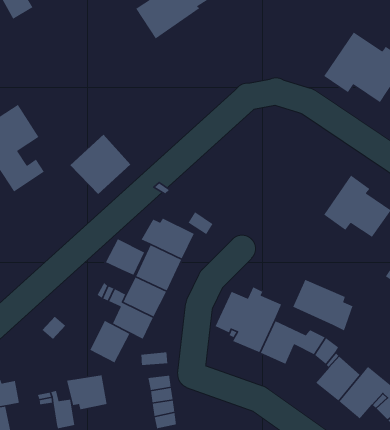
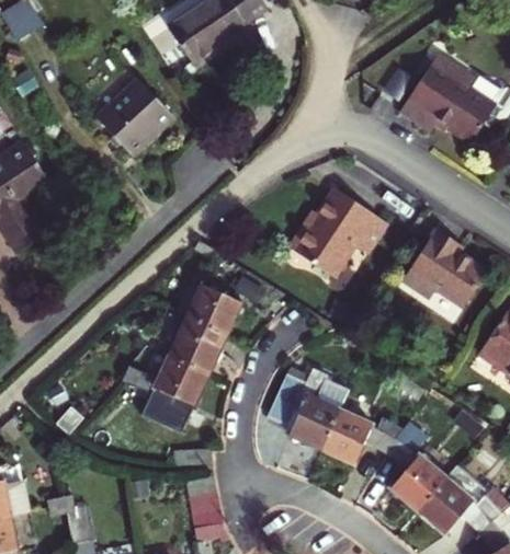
building: [70,134,131,195] -> [99,80,174,154]
building: none -> [288,187,386,276]
building: [105,238,145,276] -> none
building: [292,279,353,331] -> none
building: [89,320,130,363] -> none
building: [66,374,108,410] -> none

